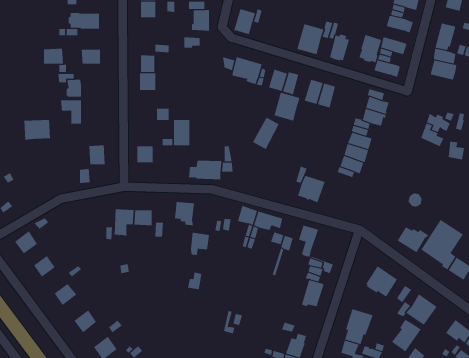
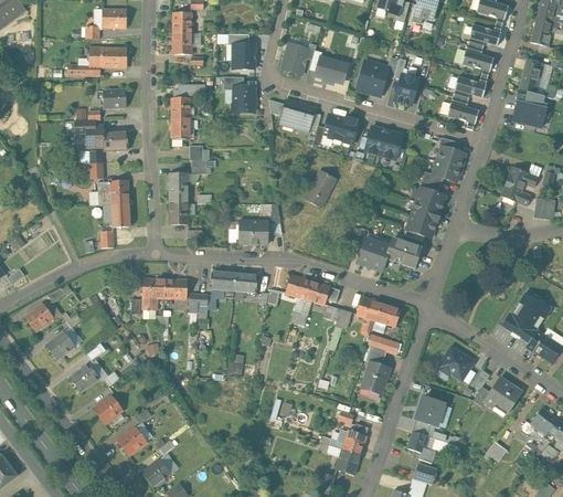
building: none -> [315,57,347,84]
building: [359,34,382,63] -> none
building: none -> [232,87,254,113]
building: [43,48,64,64] -> [104,131,128,150]
building: [274,92,300,122] -> none
building: [173,119,190,146] -> [168,173,188,204]
building: [24,120,51,140] -> [98,181,130,205]
building: none -> [385,239,421,267]
building: [397,226,430,253] -> none
building: none -> [373,303,401,331]
building: [190,232,210,256] -> [234,272,257,299]
building: [392,319,421,352] -> none

